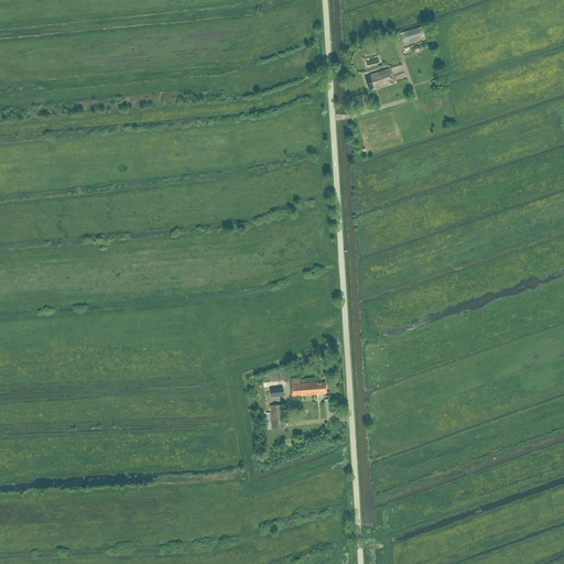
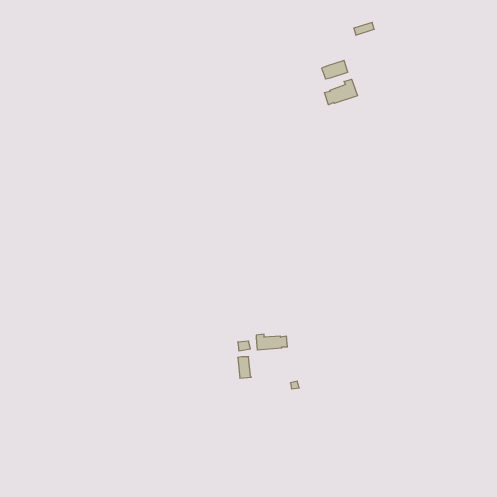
building: none -> [324,79,357,105]

